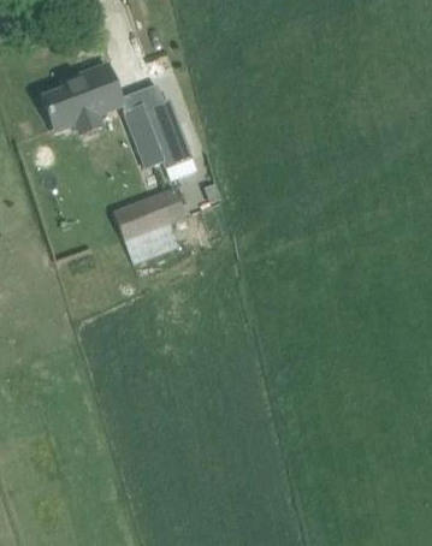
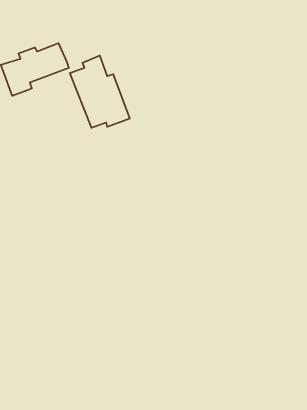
building: [112,189,185,265] -> none

